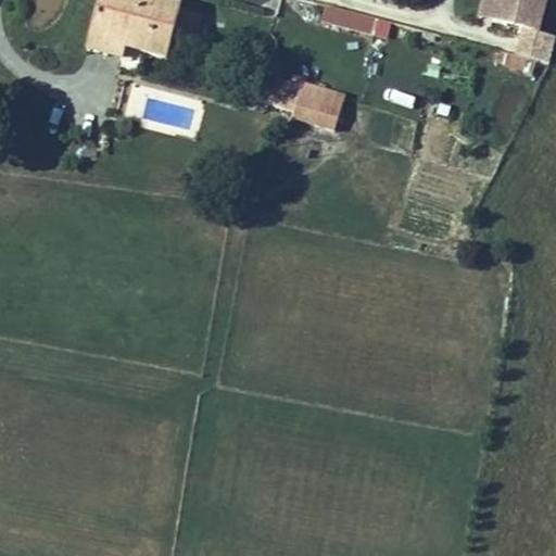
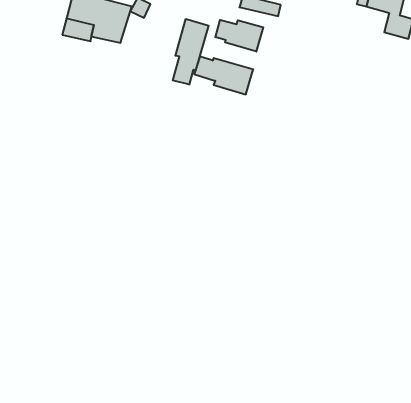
building: none -> [173,19,209,85]
building: none -> [215,20,263,52]

